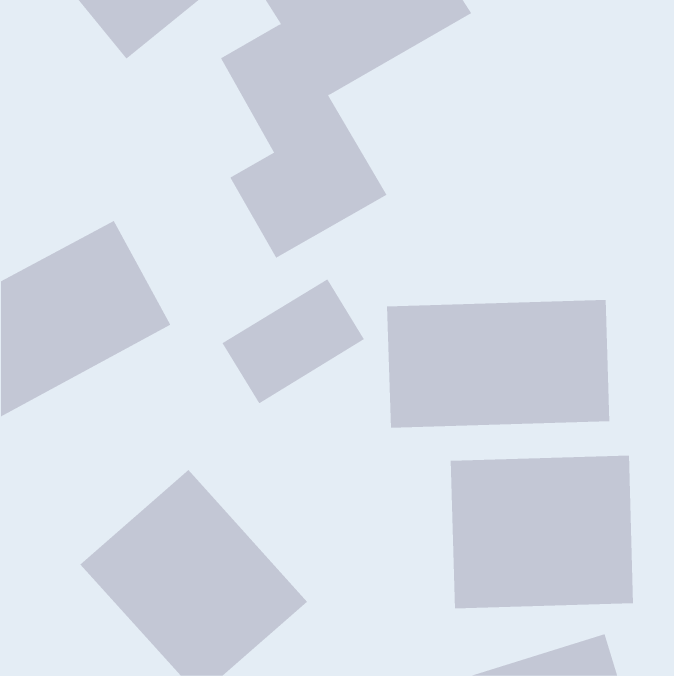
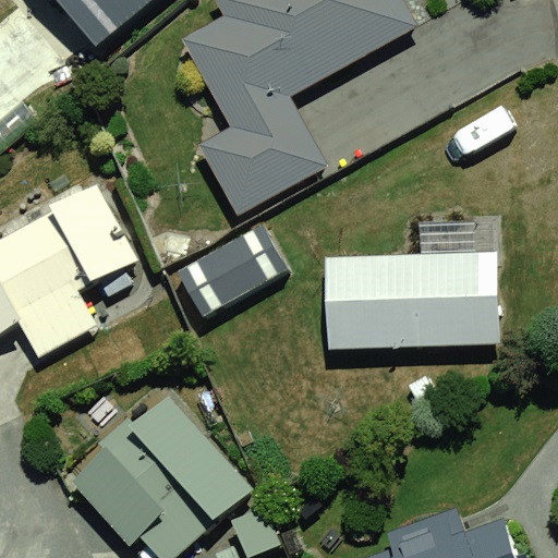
building: [450,455,634,609] -> none

